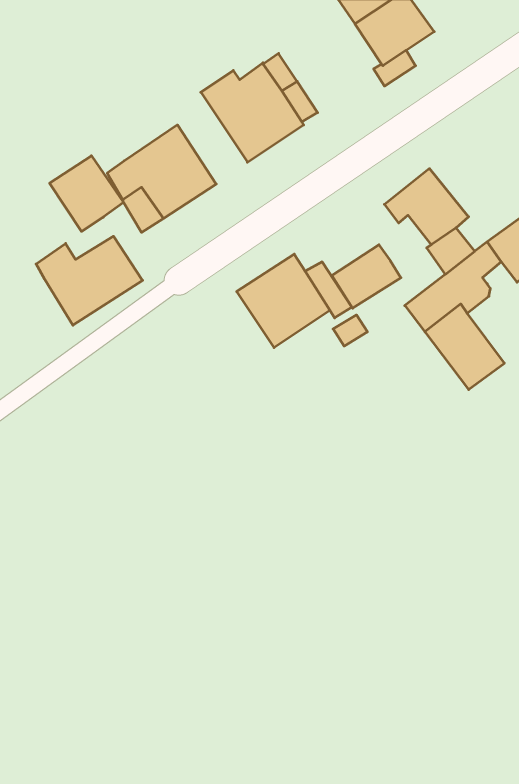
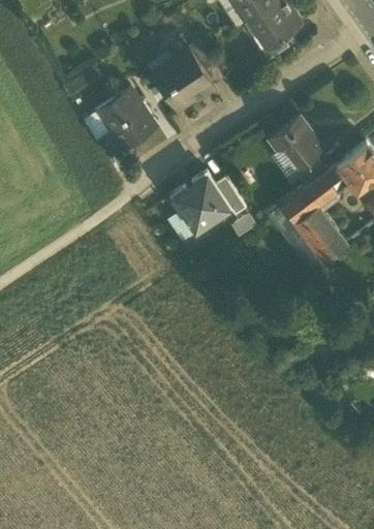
building: [50,156,124,231] -> none
building: [36,236,143,325] -> none
building: [332,245,401,308] -> none

